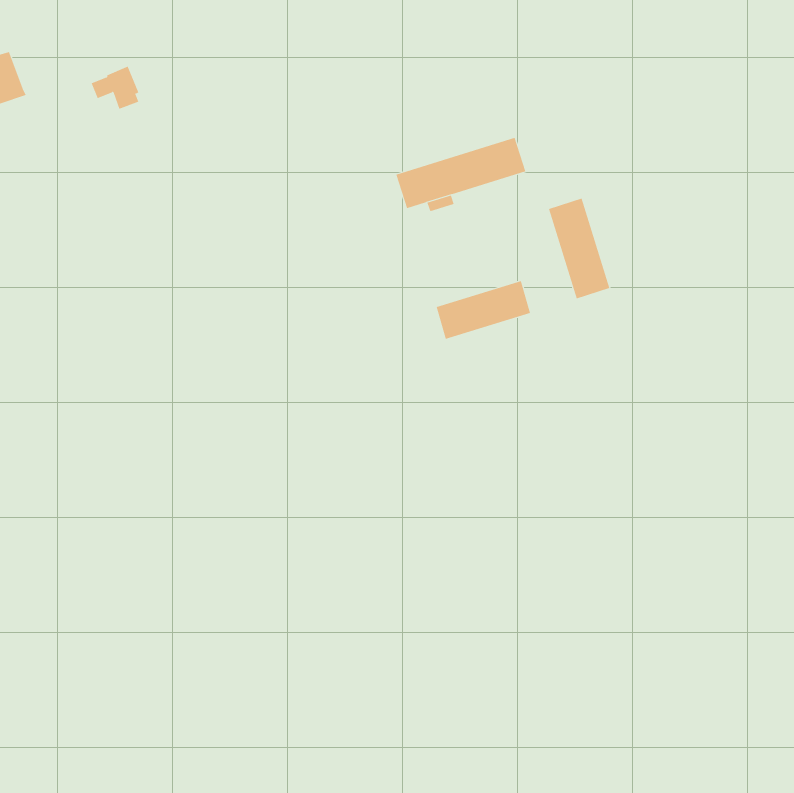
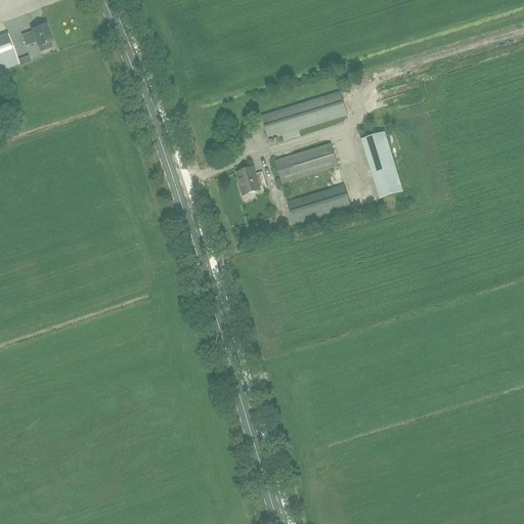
building: [91,66,139,110] -> [20,23,52,51]
building: none -> [274,142,336,181]
building: none -> [235,166,266,193]

